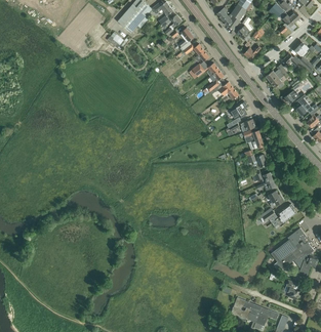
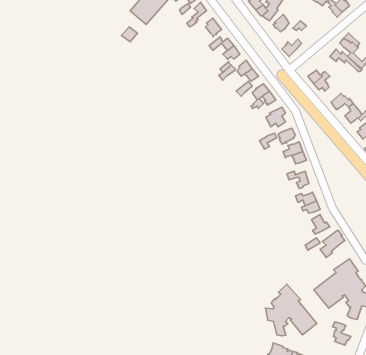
building: none -> [265,284,317,336]

